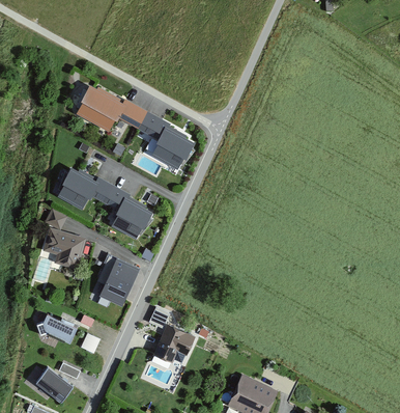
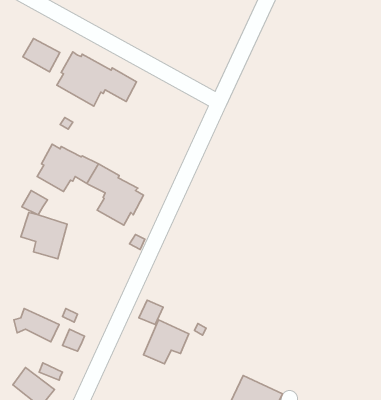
building: none -> [23,38,60,72]
building: [137,111,195,170] -> none
building: [98,259,140,307] -> none

